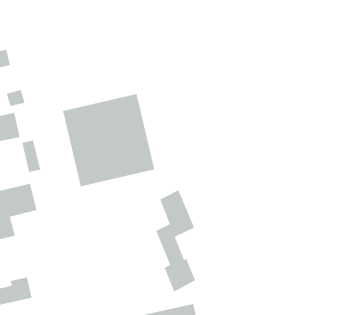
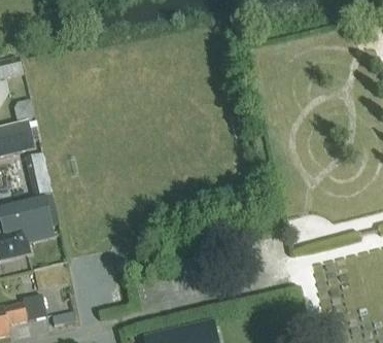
building: [62,93,155,187] -> none
building: [155,189,196,293] -> none

